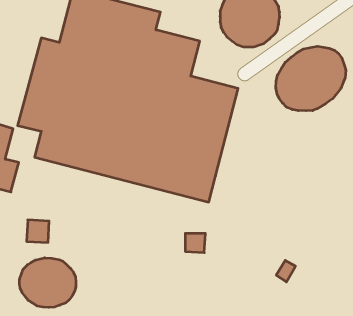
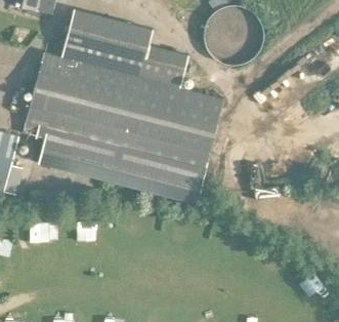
building: [276,46,346,111] -> none
building: [19,258,76,307] -> none

